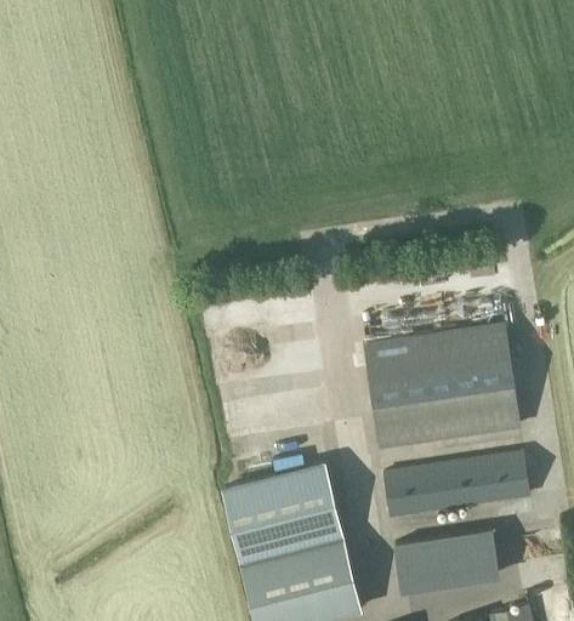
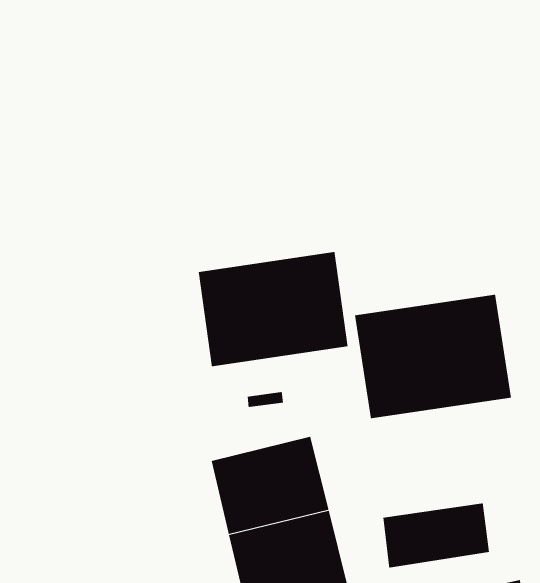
building: none -> [198,251,348,367]
building: [385,454,529,515] -> none

